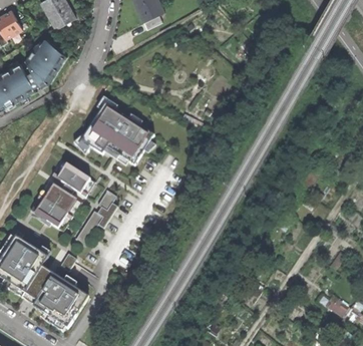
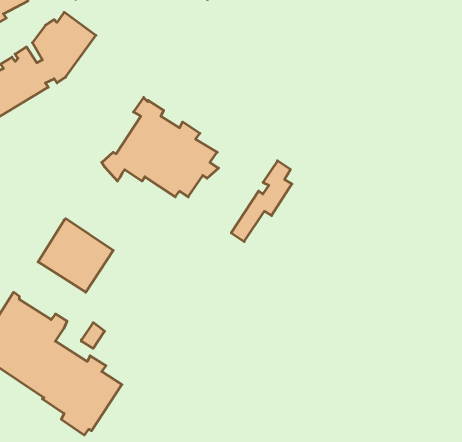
building: [52,160,95,198] -> none
building: [75,190,117,246] -> [231,161,292,242]

